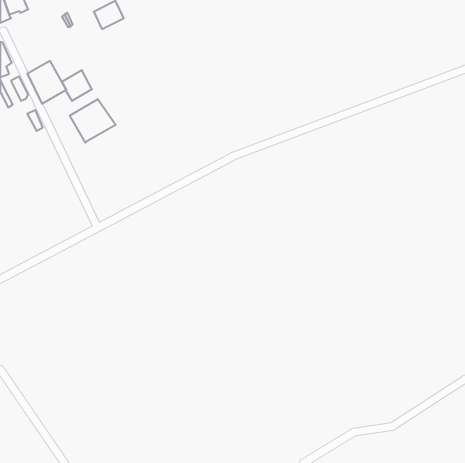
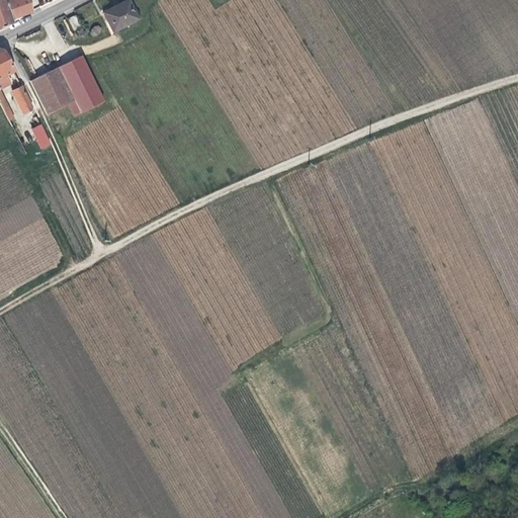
building: none -> [56,55,91,91]
building: [70,99,116,143] -> none

